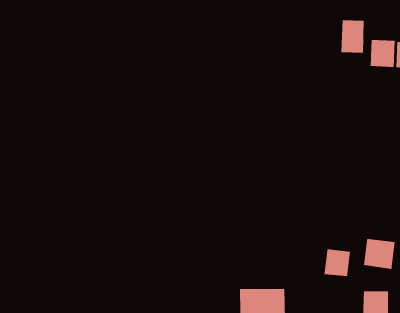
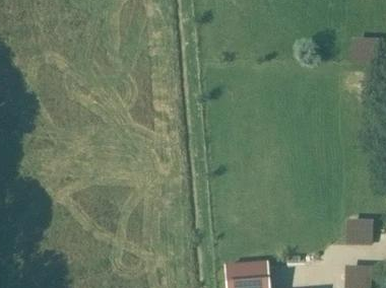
building: [341,20,364,54] -> none
building: [324,248,351,277] -> none

